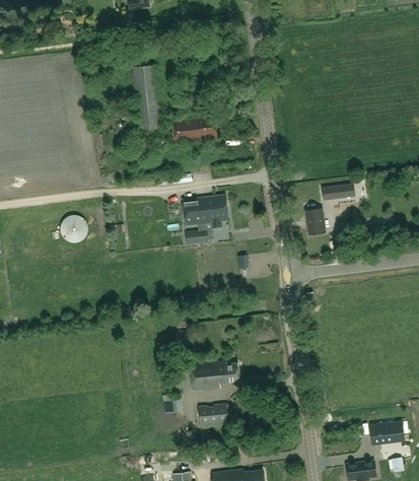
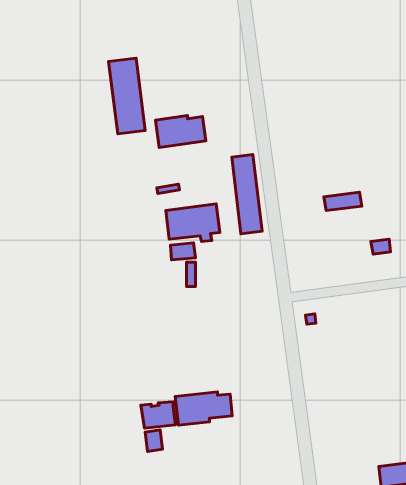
building: none -> [232,155,262,234]
building: [305,208,326,234] -> none
building: [60,214,88,244] -> none
building: [198,403,228,426] -> [141,402,175,428]

